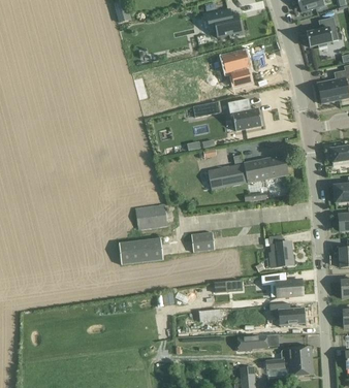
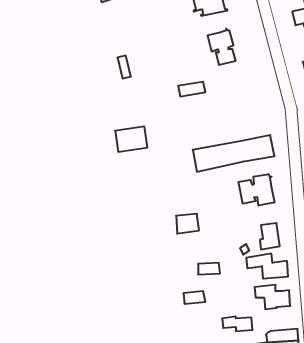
building: [228,98,262,130] -> none
building: none -> [239,174,274,206]
building: [135,204,167,229] -> [115,127,147,152]
building: [120,238,163,264] -> none

